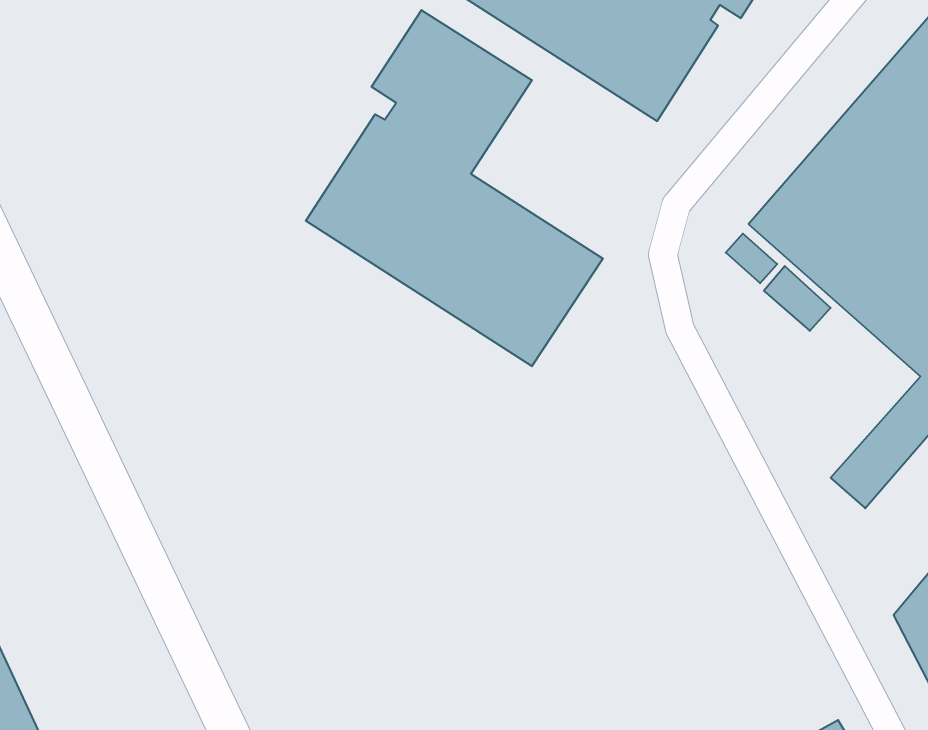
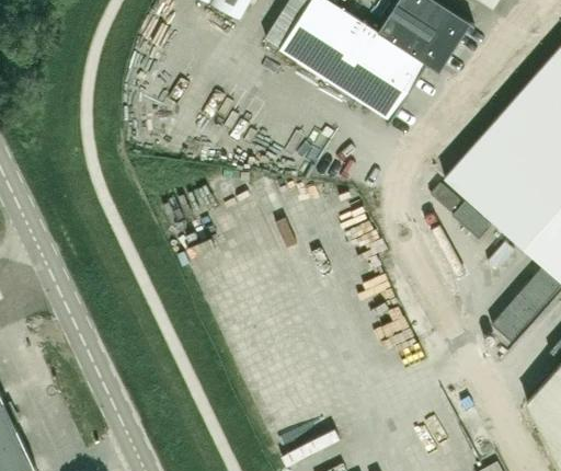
building: [306,10,603,366] -> none

